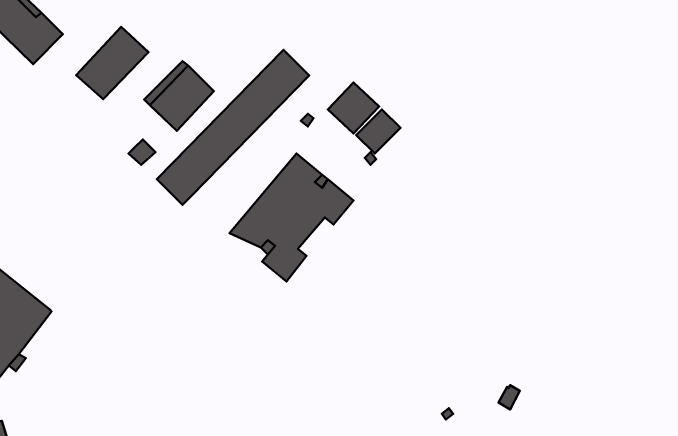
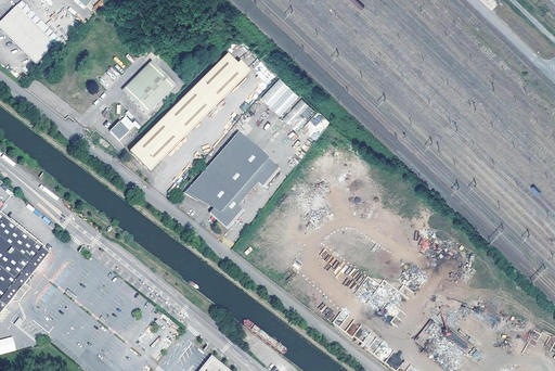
building: [76,27,148,99] -> none

